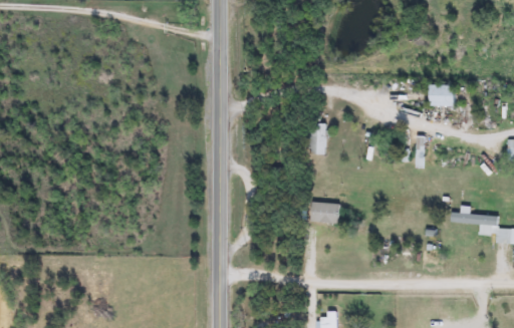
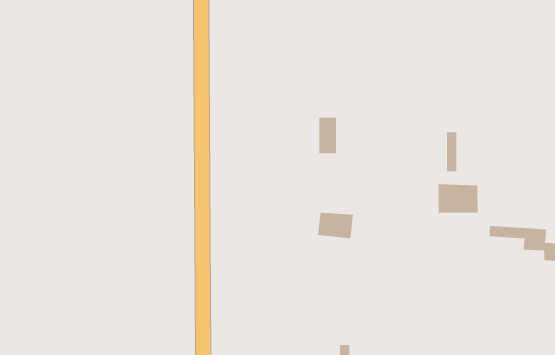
building: [429,84,455,106] -> none
building: none -> [438,184,478,213]

